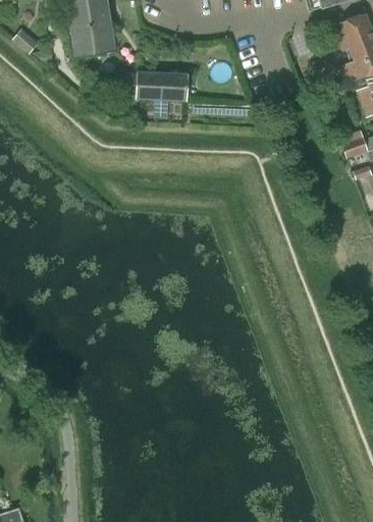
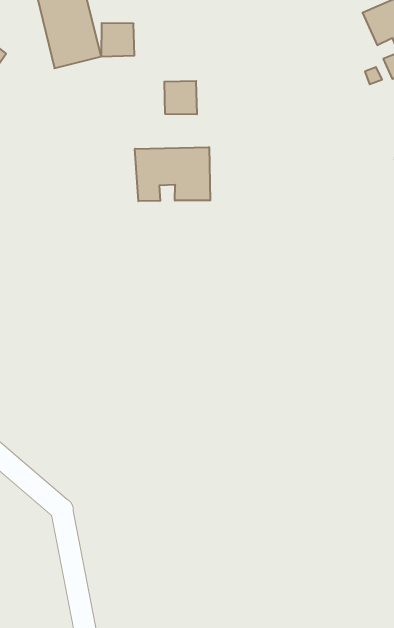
building: [136,71,163,99] -> [101,23,134,56]
building: none -> [135,147,210,201]

